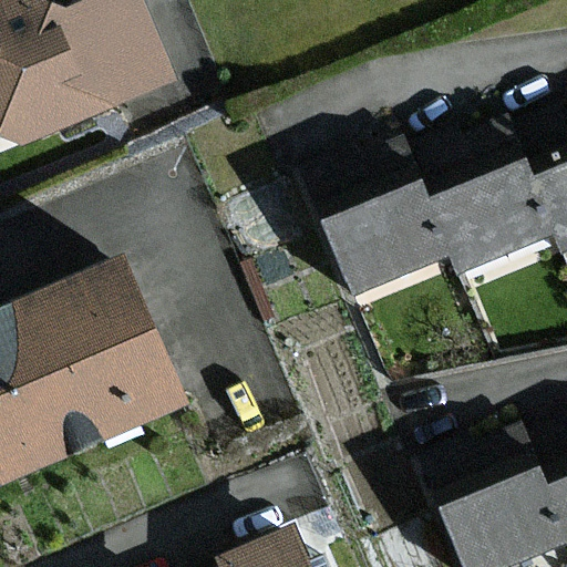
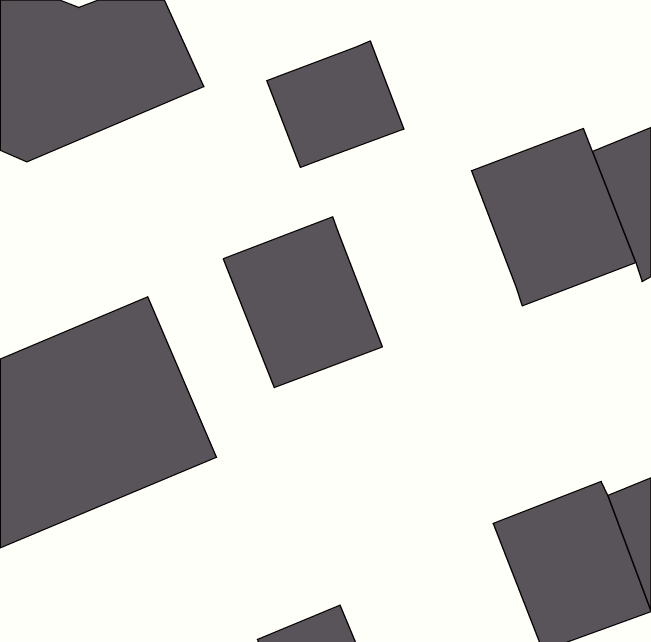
building: none -> [267,41,404,167]
building: [310,144,449,292] -> [223,217,382,388]

